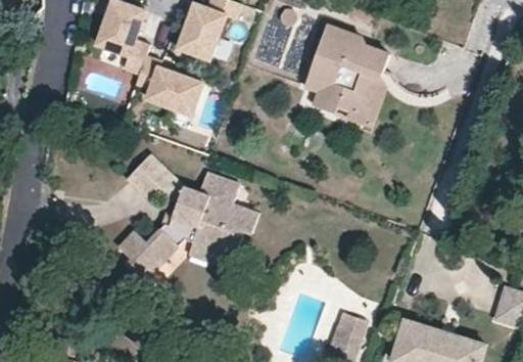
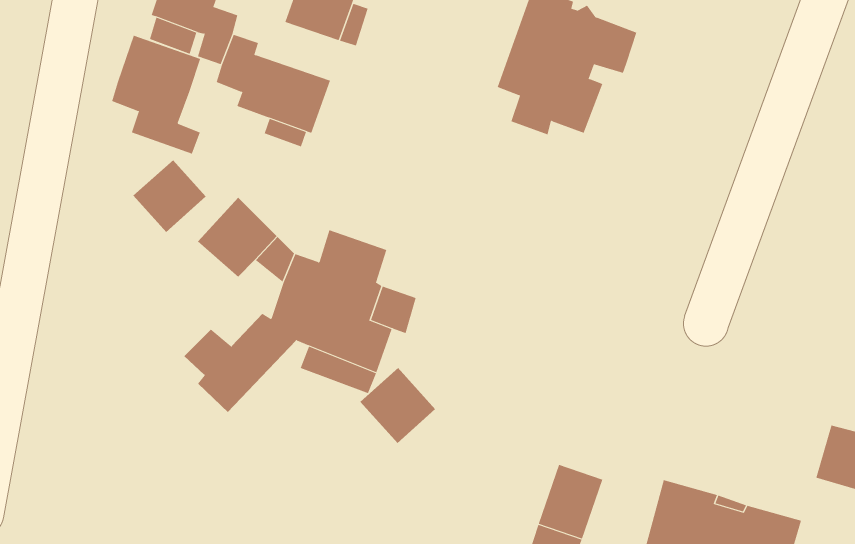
building: none -> [111,35,201,154]
building: [335,72,384,126] -> none
building: none -> [133,159,207,233]
building: none -> [360,367,436,444]

